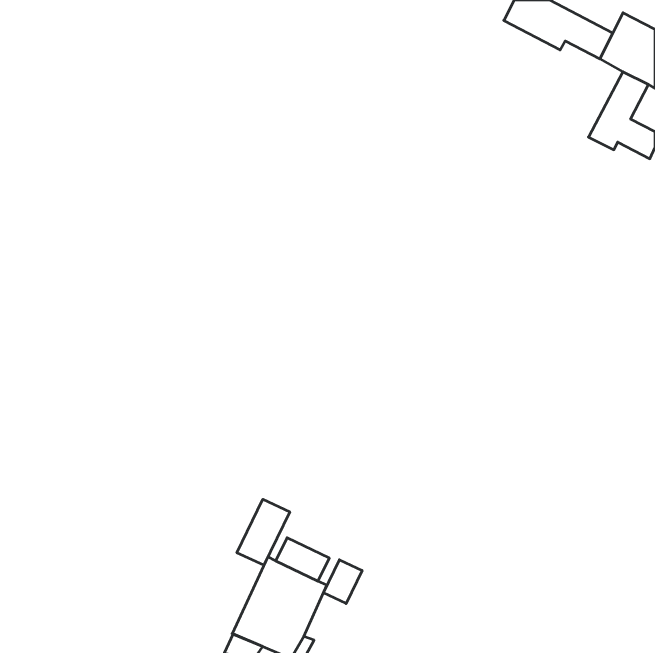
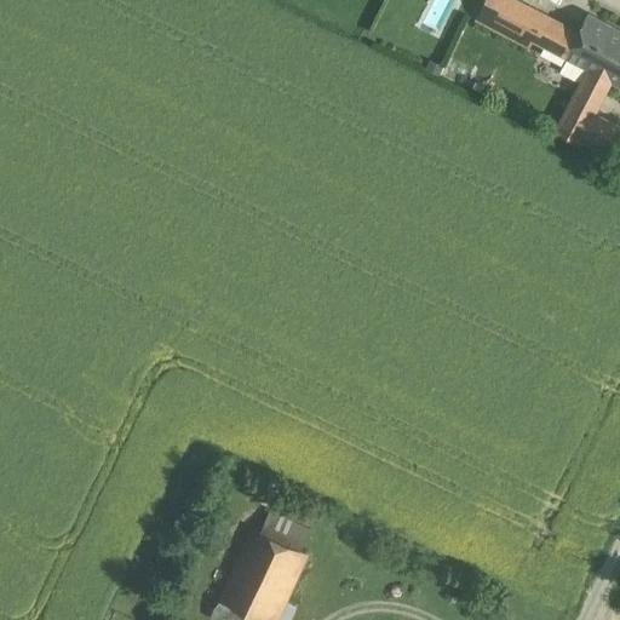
building: [237,499,290,565] -> none
building: [323,560,362,604] -> none

